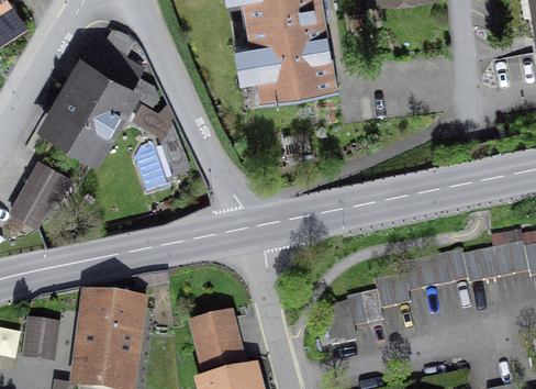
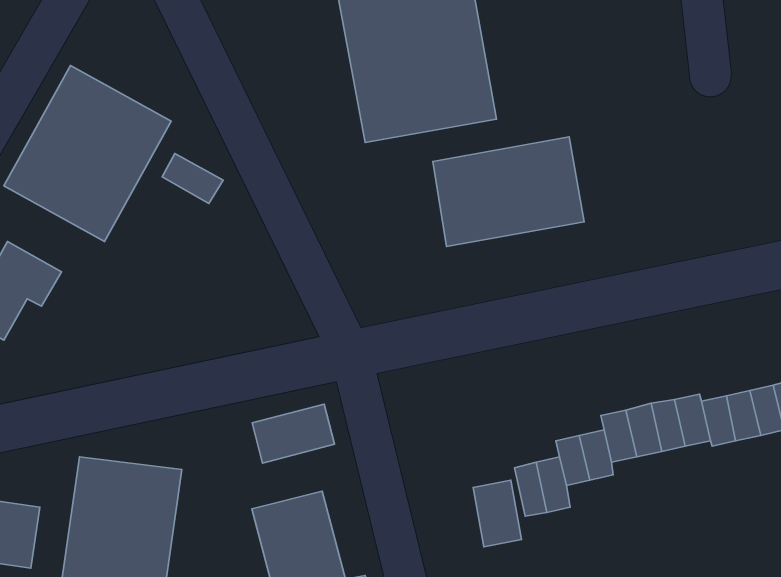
building: none -> [433,137,584,246]
building: none -> [252,404,335,463]

